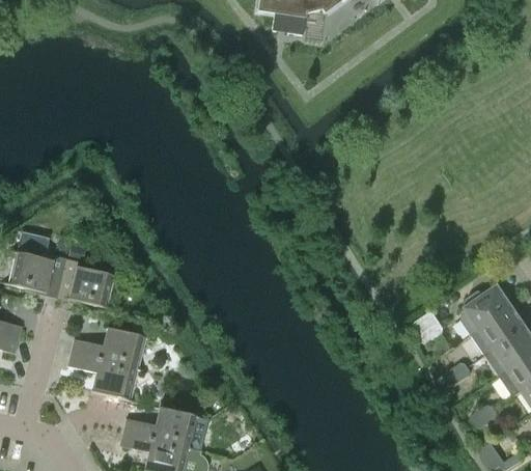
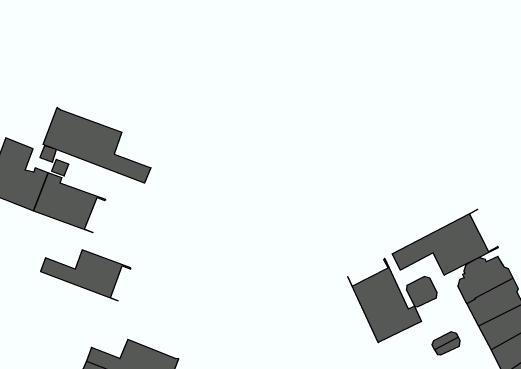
building: none -> [43,107,151,183]
building: none -> [392,209,498,275]
building: none -> [348,258,421,343]
building: [66,352,145,403] -> none

